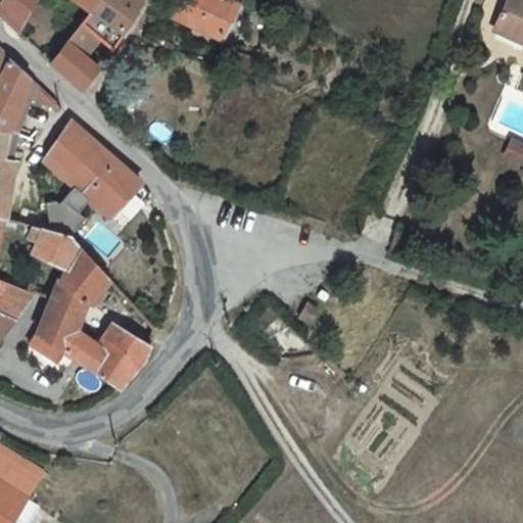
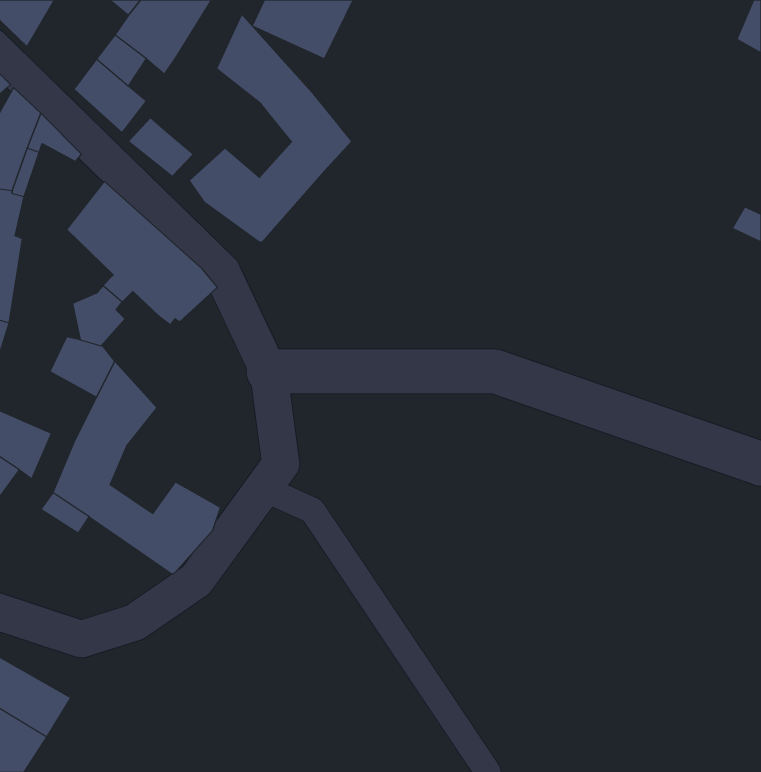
building: none -> [189,14,352,243]
building: none -> [128,118,194,176]

